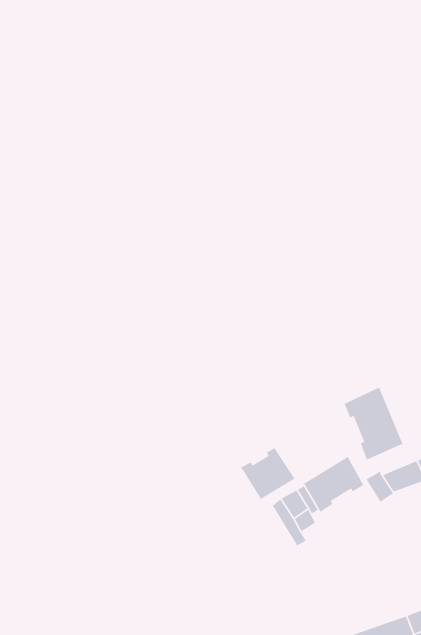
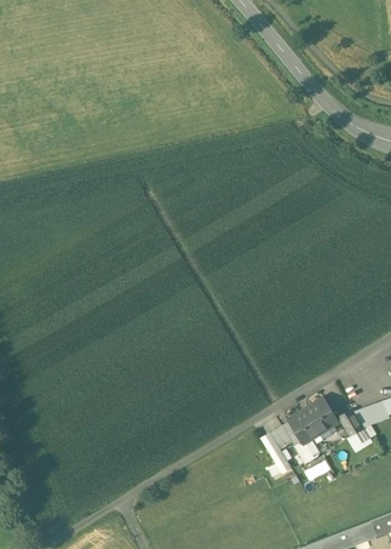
building: [344,387,404,461] -> none
building: [240,447,296,500] -> none

